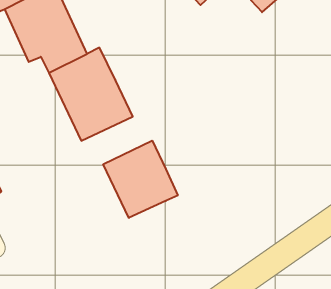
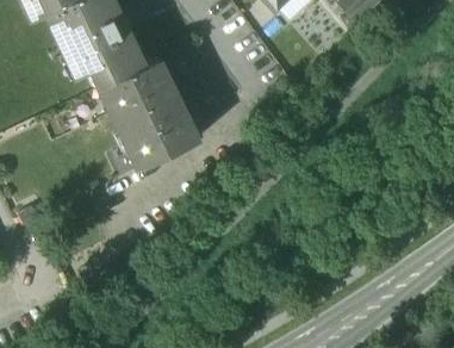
building: [103,141,178,218] -> none

